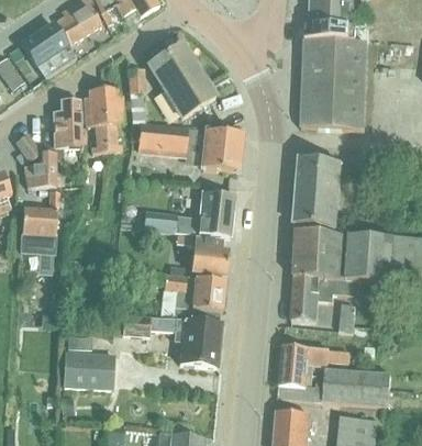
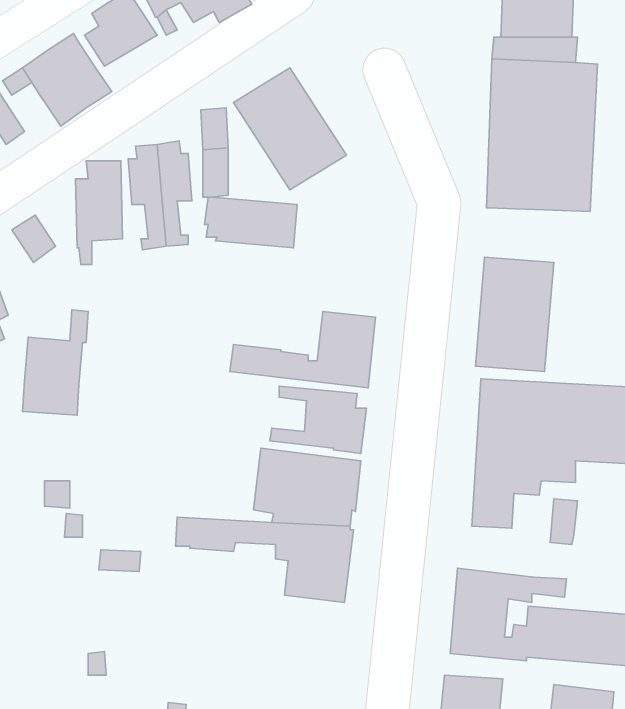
building: [201,129,241,170] -> none
building: [23,152,56,187] -> none
building: [62,350,113,388] -> none

